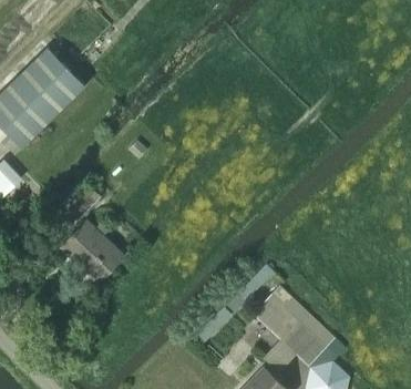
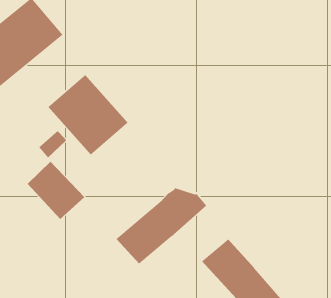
building: none -> [47,74,128,155]
building: none -> [116,187,207,265]

